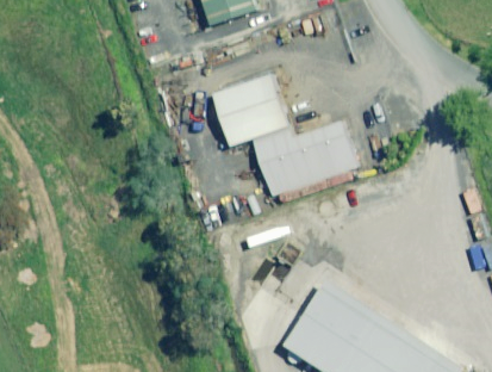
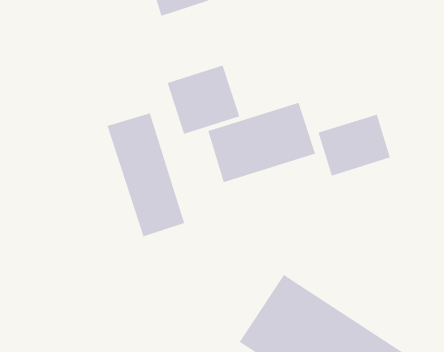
building: none -> [107,112,185,237]
building: none -> [318,114,390,176]

